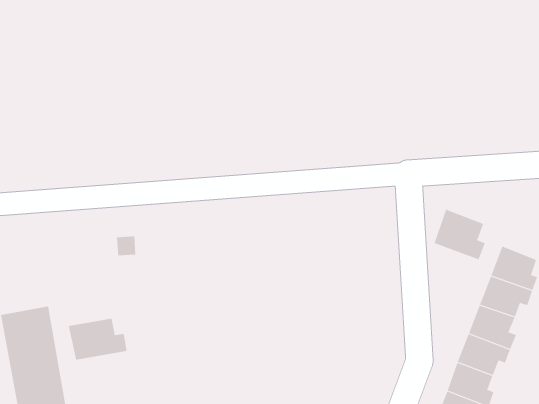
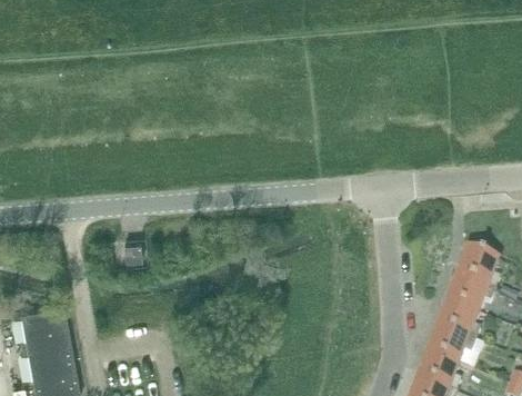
building: [434,209,486,260] -> none
building: [68,318,127,361] -> none

